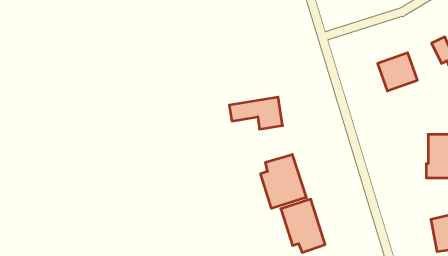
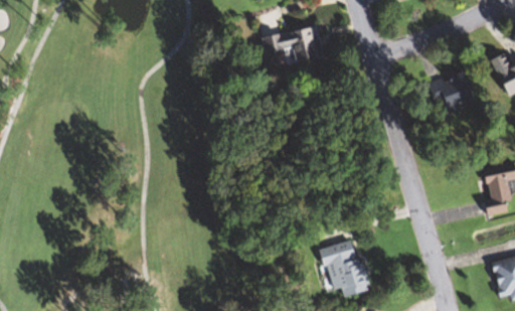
building: [229,97,283,129] -> [262,27,322,63]
building: [261,154,306,208] -> none

